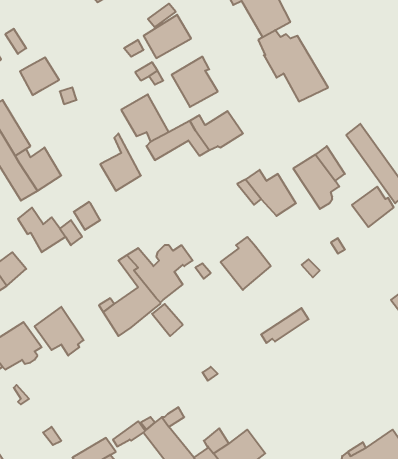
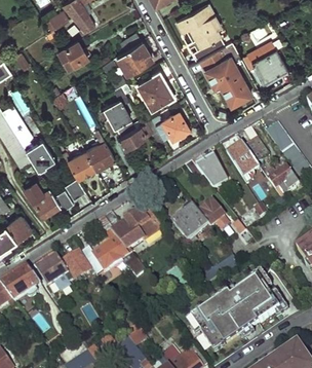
building: none -> [249,43,288,83]
building: [20,57,59,95] -> [58,40,87,68]
building: none -> [62,149,95,178]
building: none -> [198,199,228,226]
building: none -> [63,250,90,278]
building: none -> [192,274,279,353]

